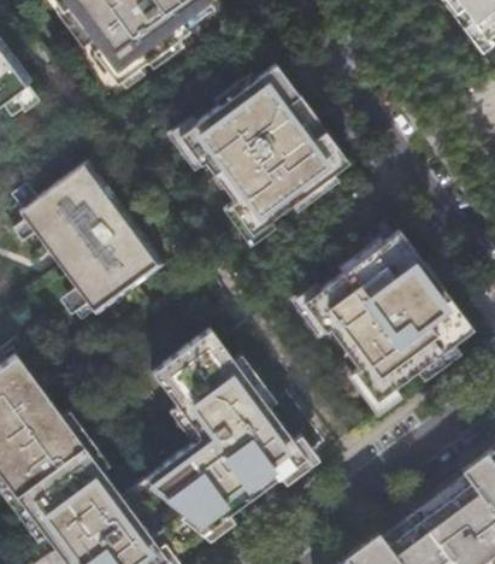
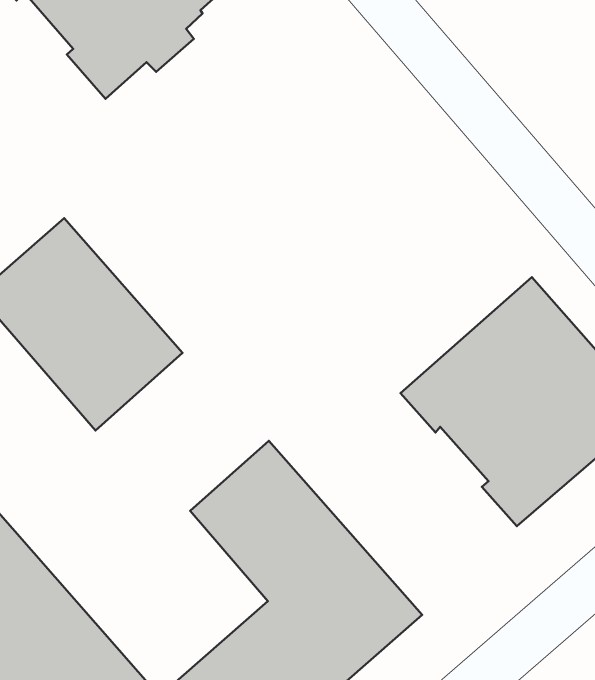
building: [181,63,350,233] -> none

